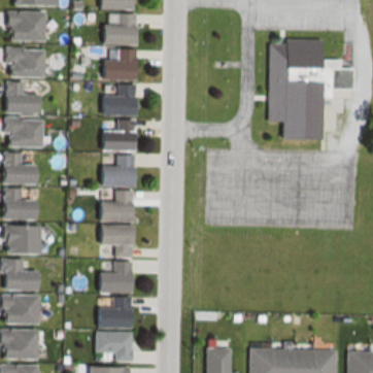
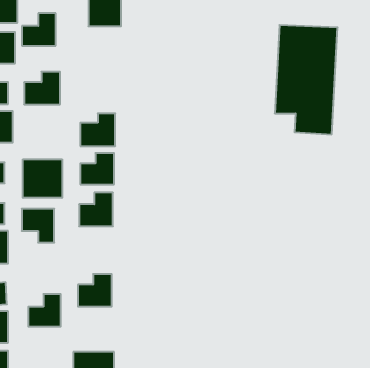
building: [106,49,136,78] -> [22,13,56,46]
building: [103,84,135,113] -> [24,72,60,104]
building: none -> [23,159,62,198]
building: [101,226,130,256] -> [22,209,54,243]
building: [101,298,130,327] -> [28,294,61,327]

